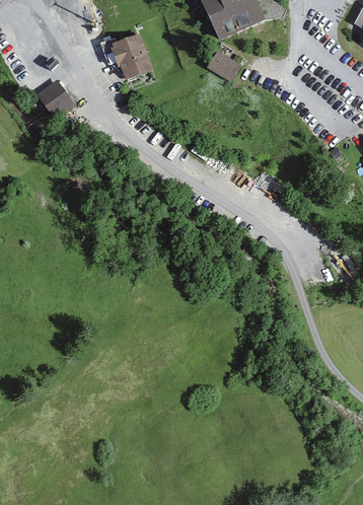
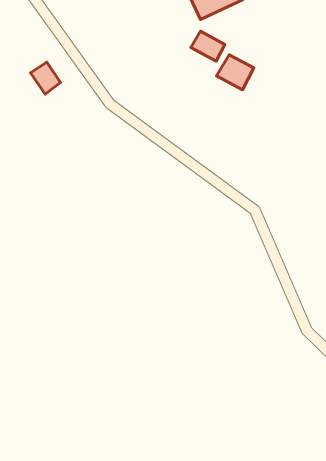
building: [113,34,152,80] -> none
building: none -> [217,55,254,90]

